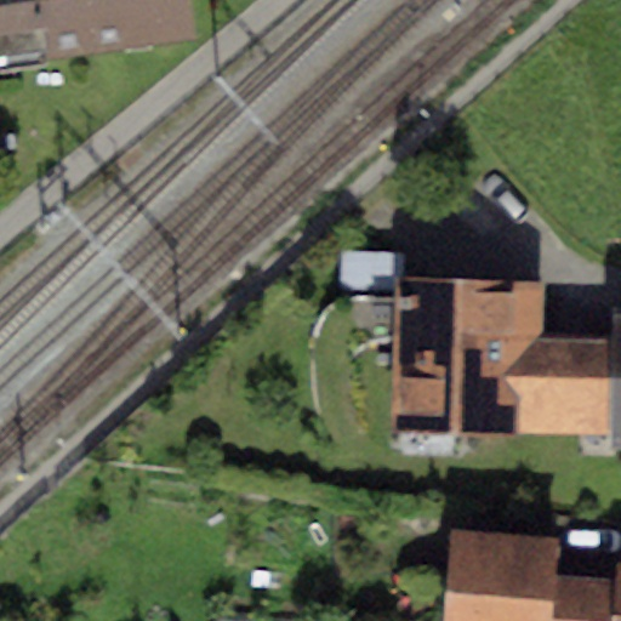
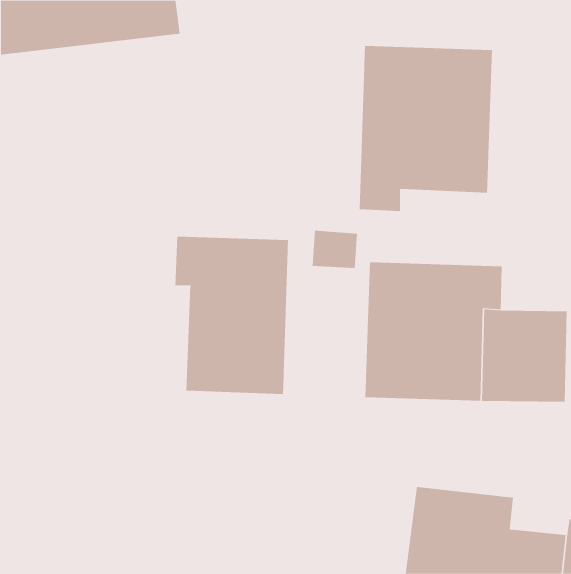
building: none -> [359,45,493,212]
building: none -> [175,236,289,395]

